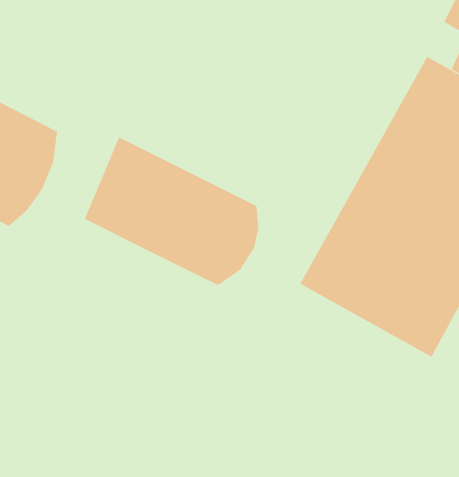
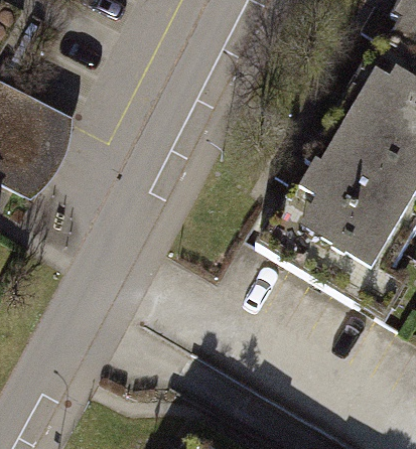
building: [84,136,259,286] -> none

